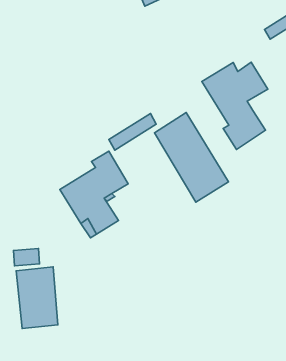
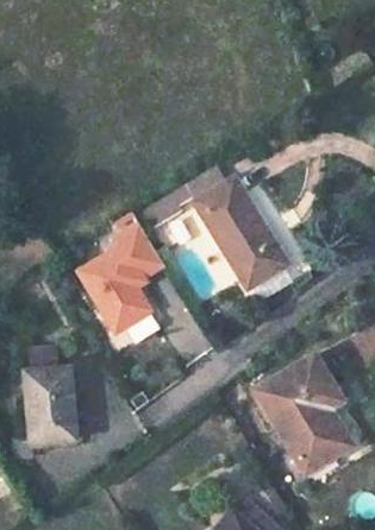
building: [202,62,268,149] -> none
building: none -> [255,355,351,473]

